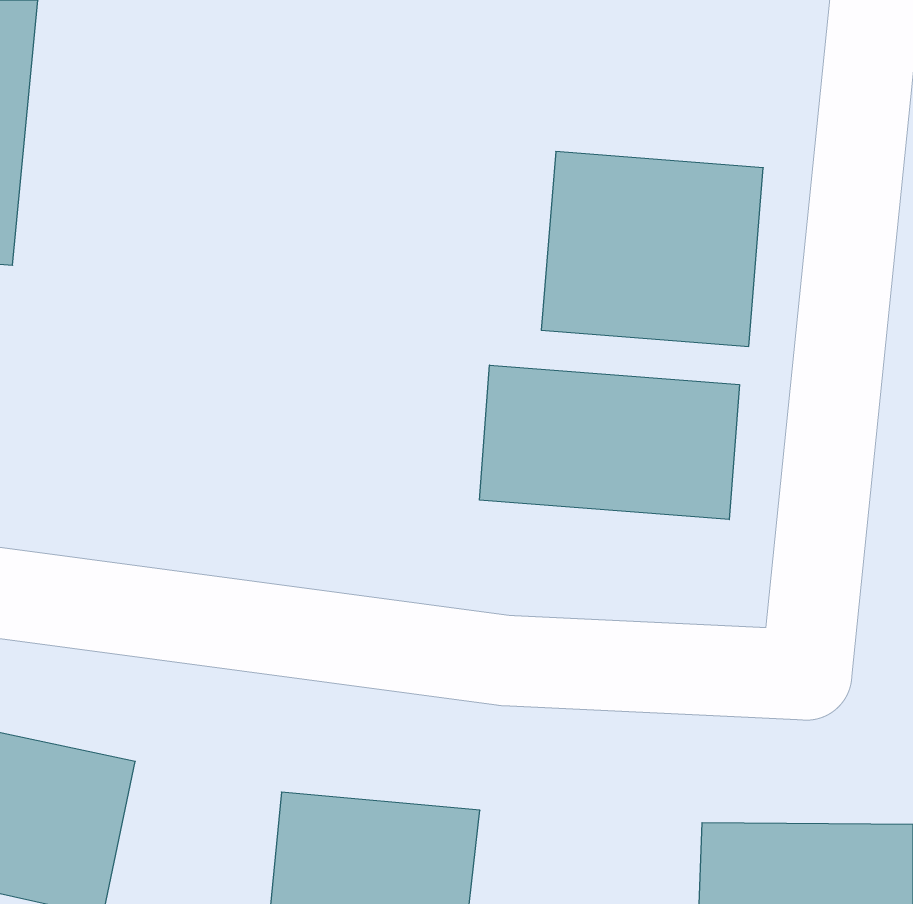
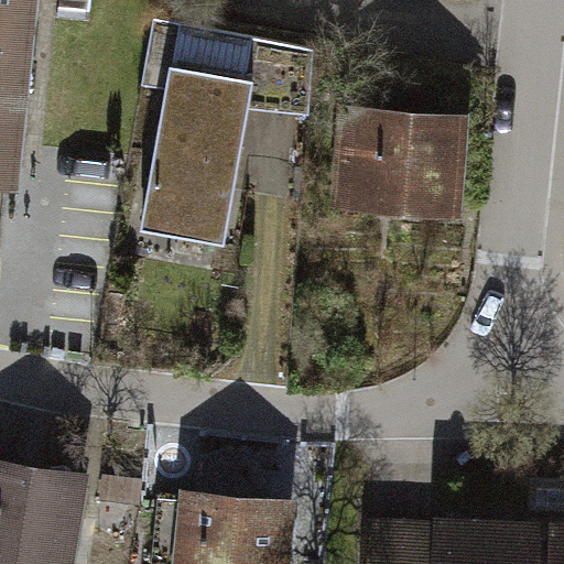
building: none -> [140,30,322,253]
building: [480,365,739,520] -> none

